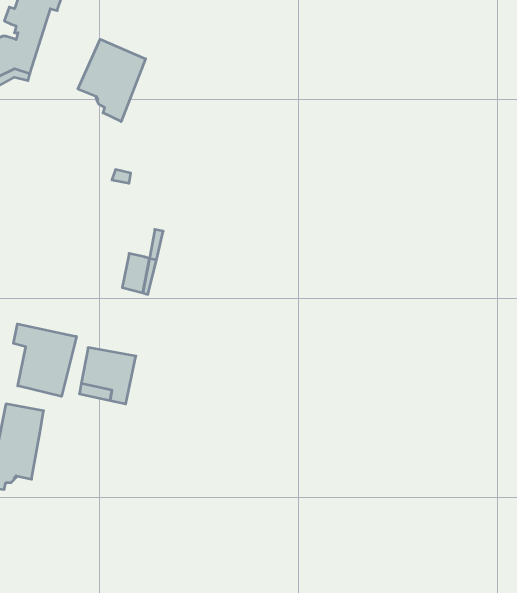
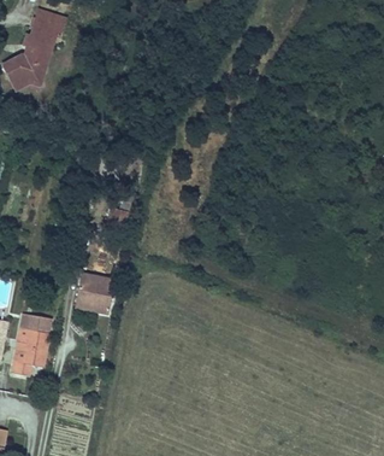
building: [78,39,146,122] -> none
building: [13,324,76,396] -> none

